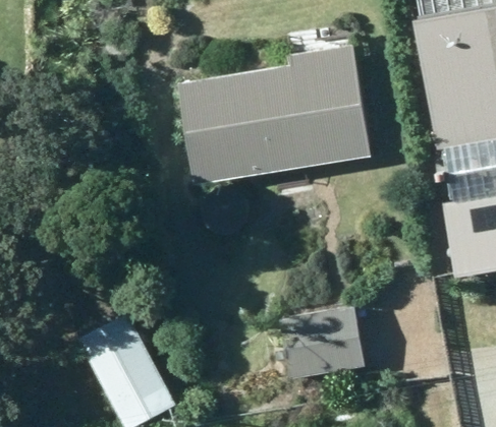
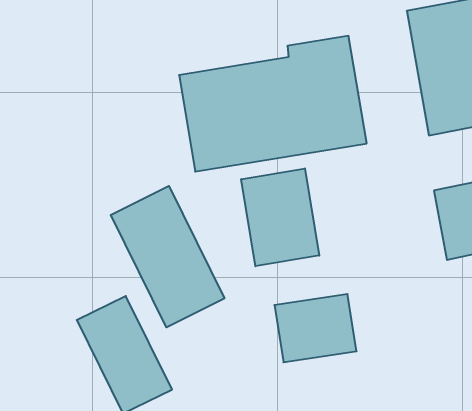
building: none -> [241,168,319,266]
building: none -> [111,186,224,327]

